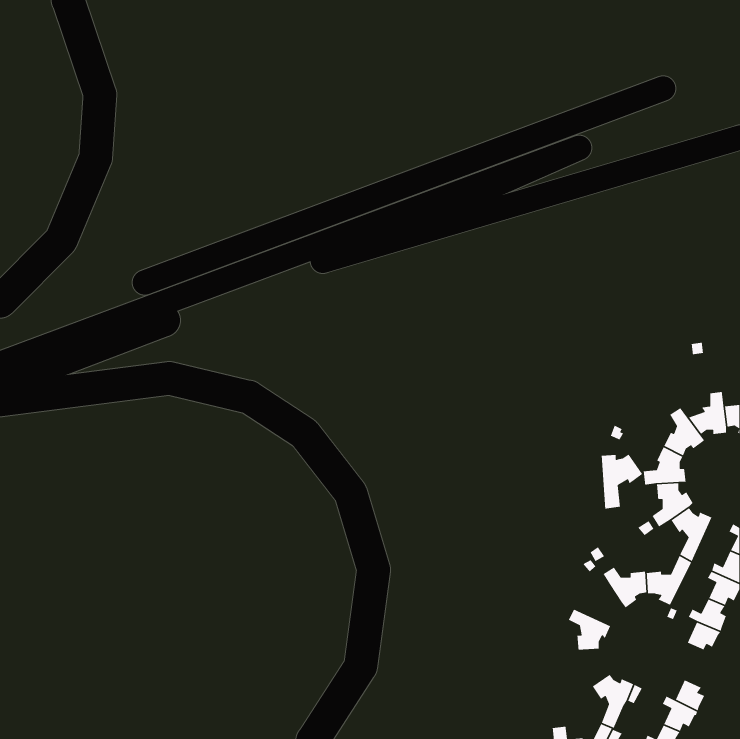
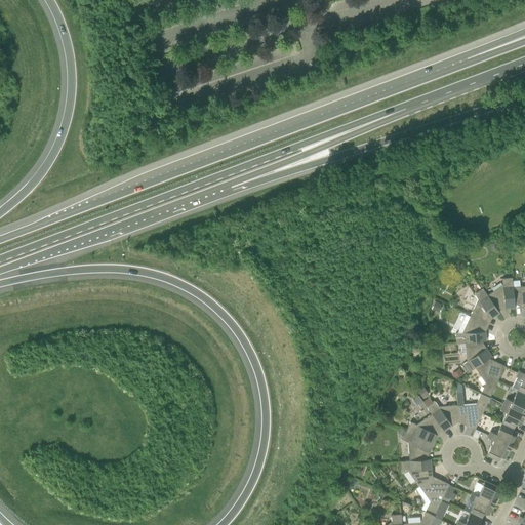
building: [601,453,643,510] -> none
building: none -> [406,415,440,444]
building: none -> [401,459,432,487]

